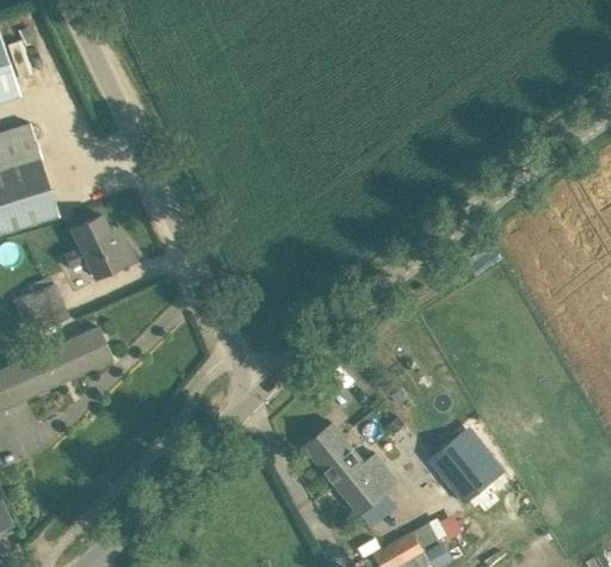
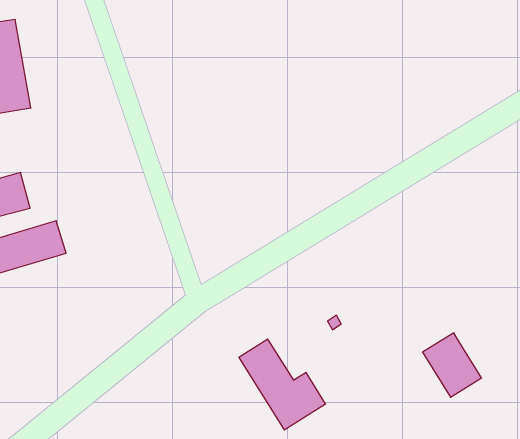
building: [63,215,134,277] -> none
building: [430,436,494,503] -> [423,333,482,397]

